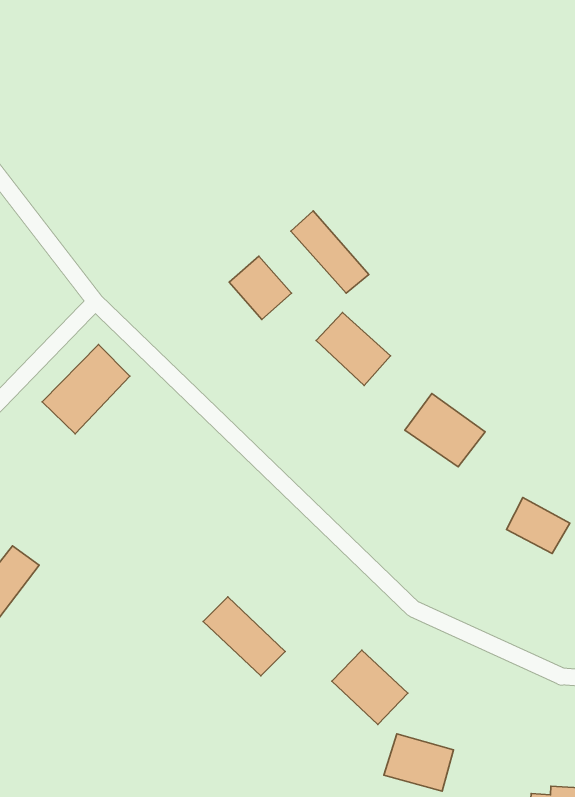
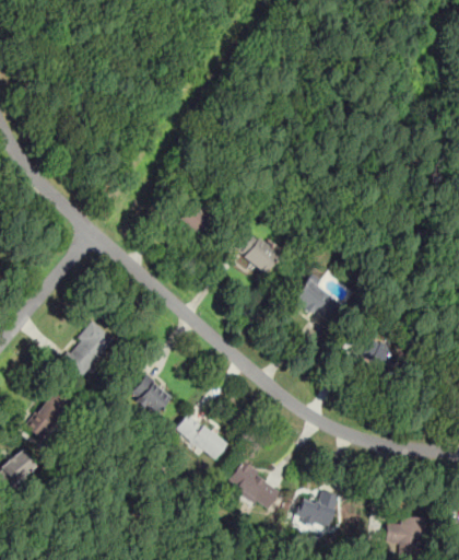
building: [291,211,369,293] -> none
building: [42,344,130,434] -> [62,320,116,377]
building: none -> [131,374,175,417]
building: [332,650,408,724] -> [228,460,276,506]

